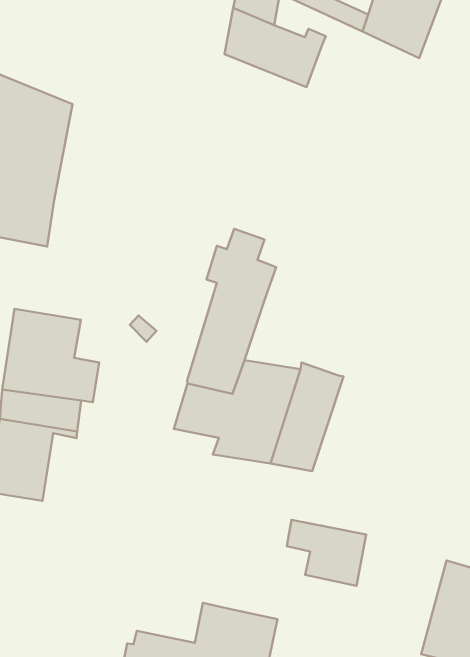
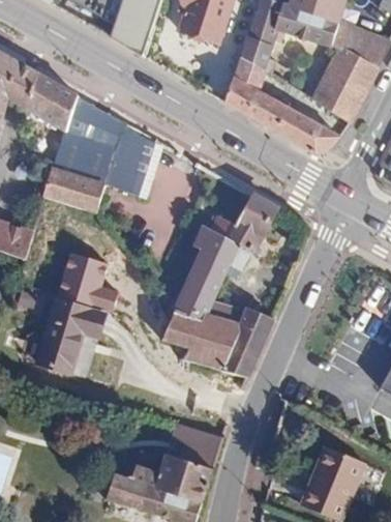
building: none -> [274,105,339,153]
building: none -> [103,122,154,194]
building: none -> [229,194,278,268]
building: [287,520,366,586] -> [171,422,222,469]

